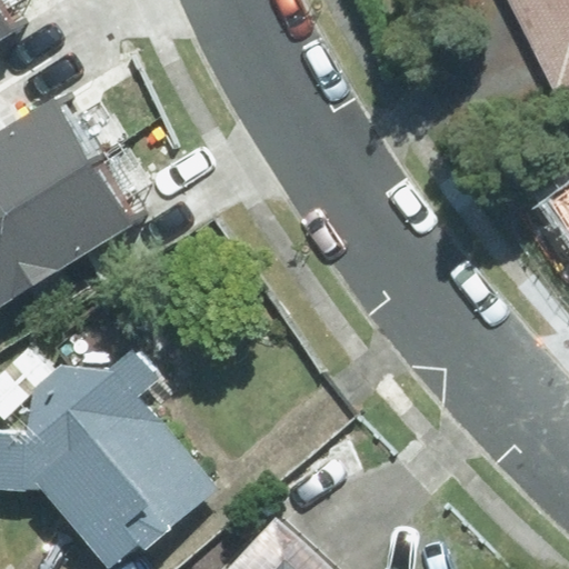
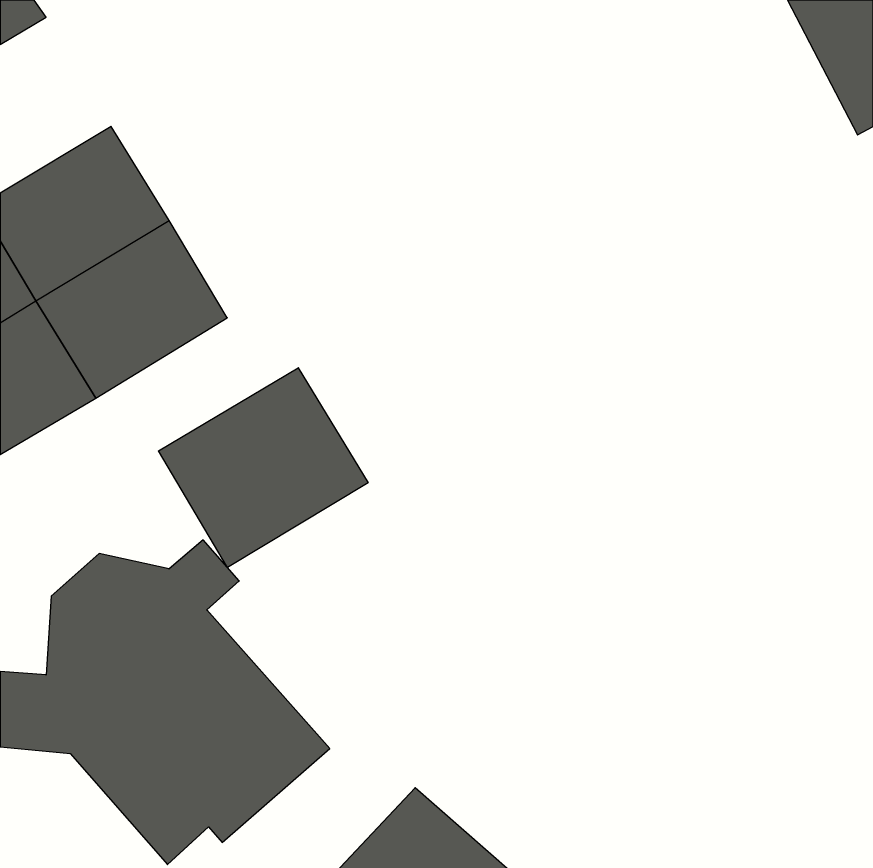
building: none -> [158,368,368,567]

